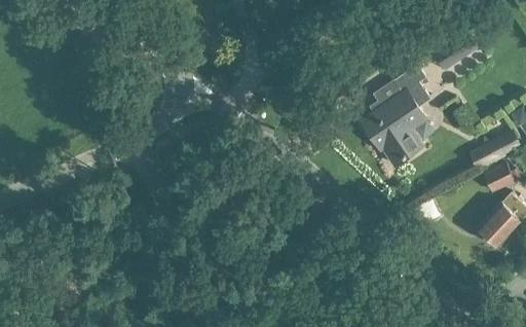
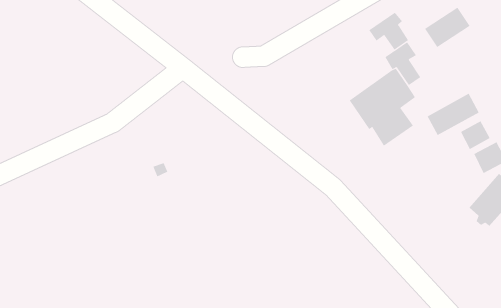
building: none -> [369,12,409,50]
building: none -> [427,93,480,136]

